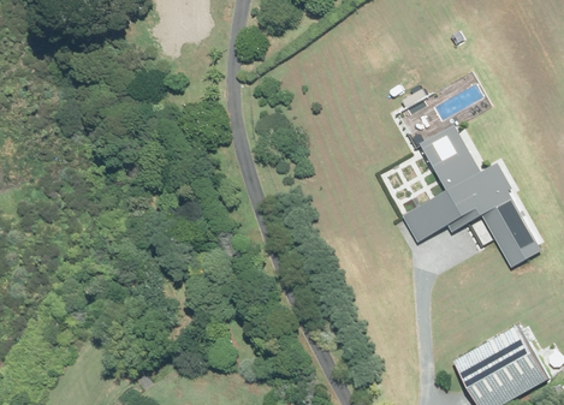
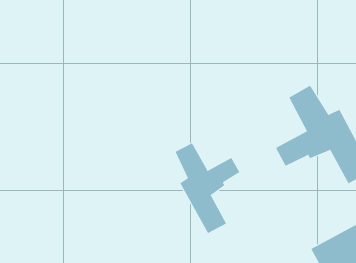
building: none -> [175,143,240,234]

